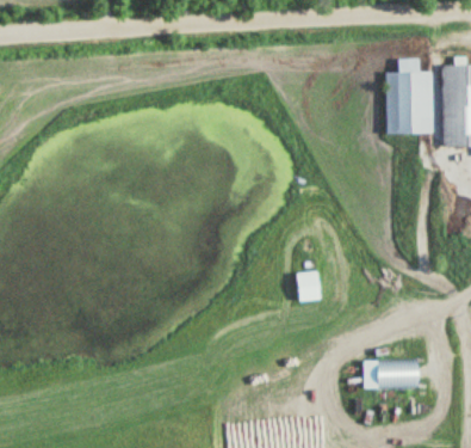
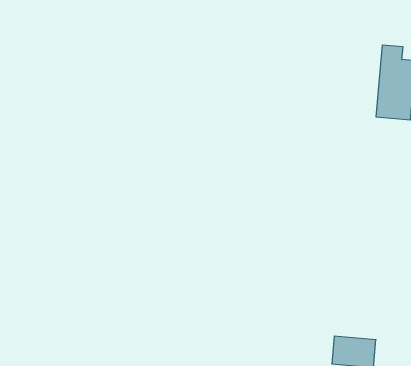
building: [297,272,320,300] -> none

